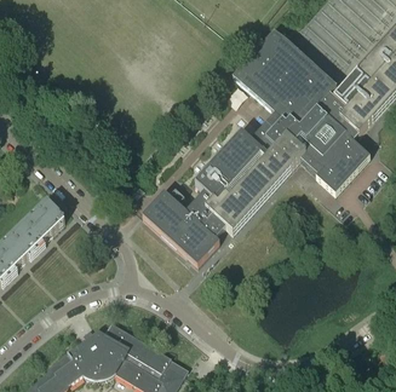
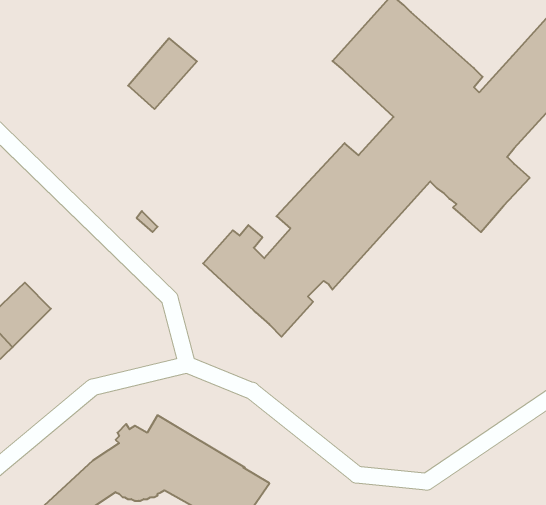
building: none -> [128,38,197,109]
building: [18,201,63,246] -> none

